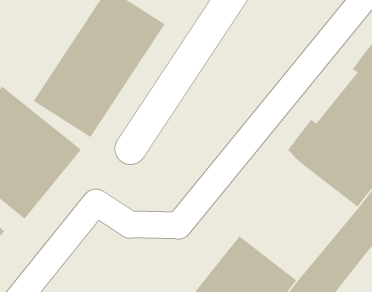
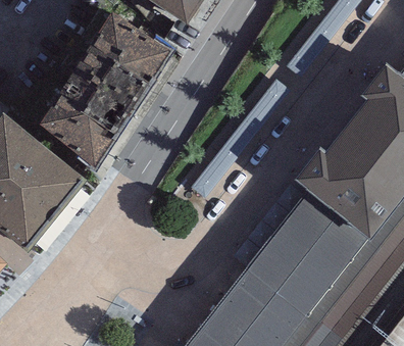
building: none -> [247,194,368,315]

